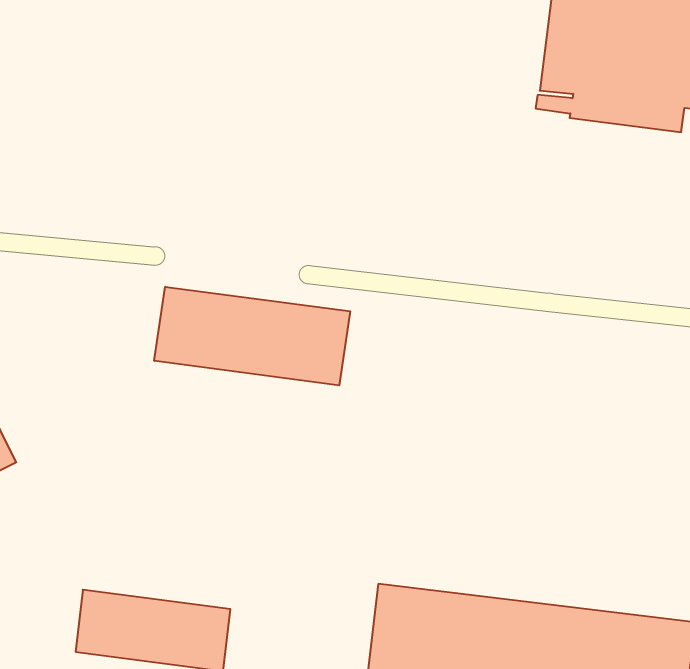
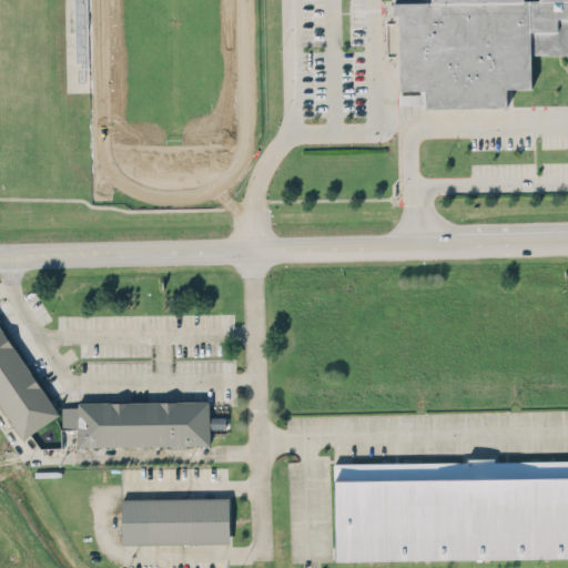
building: [154,287,350,385] -> none
building: none -> [78,402,210,447]

